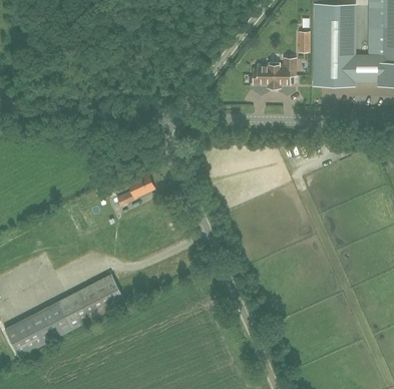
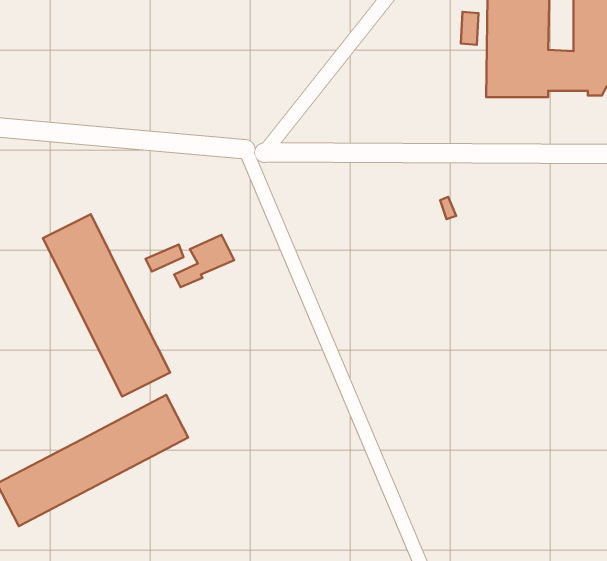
building: [254,57,295,86] -> none
building: none -> [43,214,170,397]

